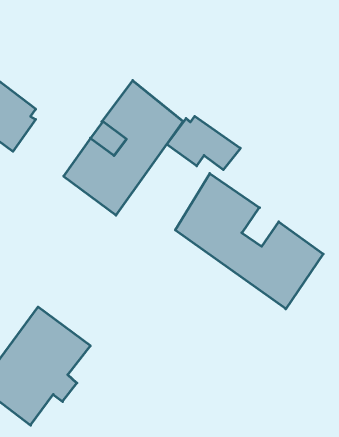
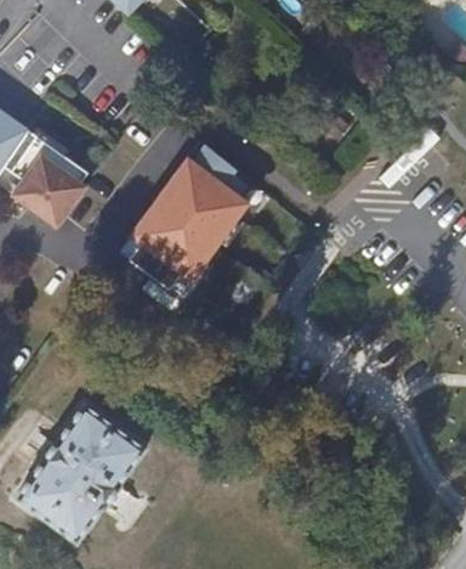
building: [167,116,240,170] -> none
building: [175,173,323,309] -> none

